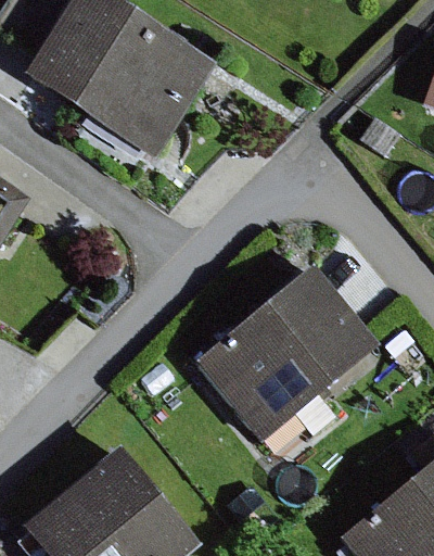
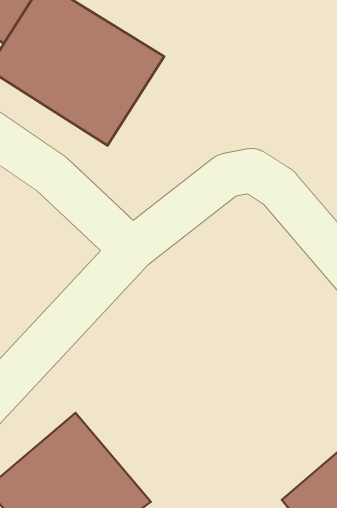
building: [199,267,375,439] -> none

